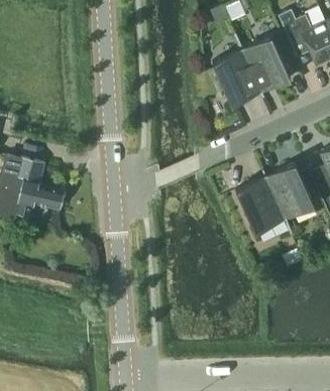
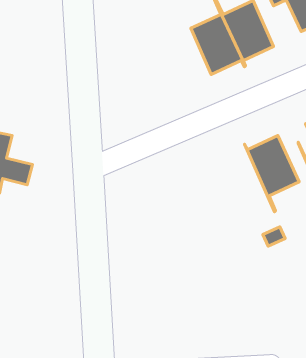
building: [235,171,291,235] -> none

